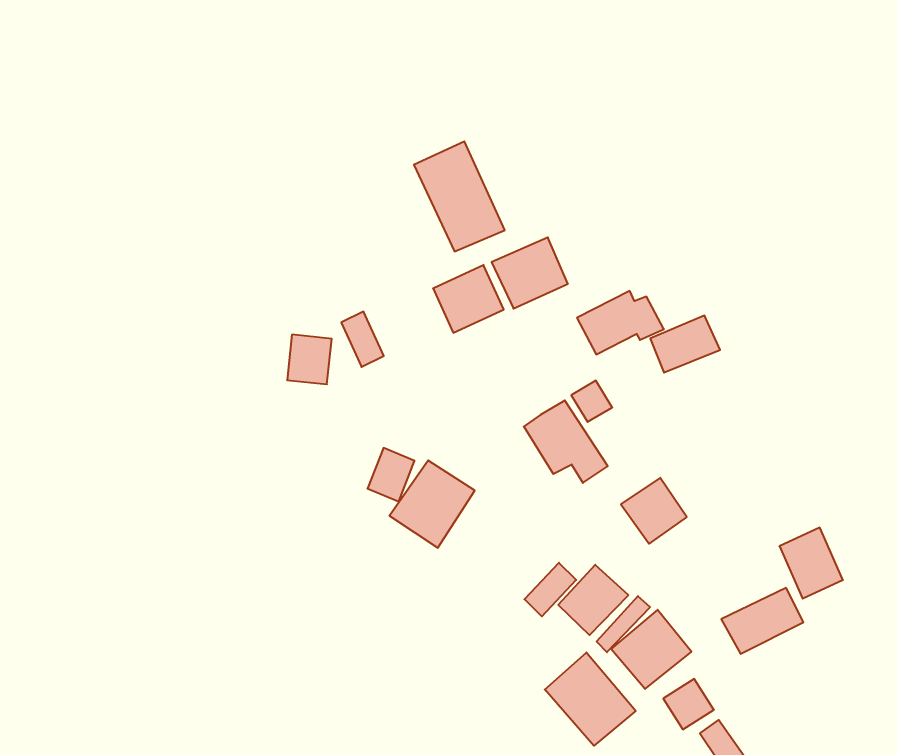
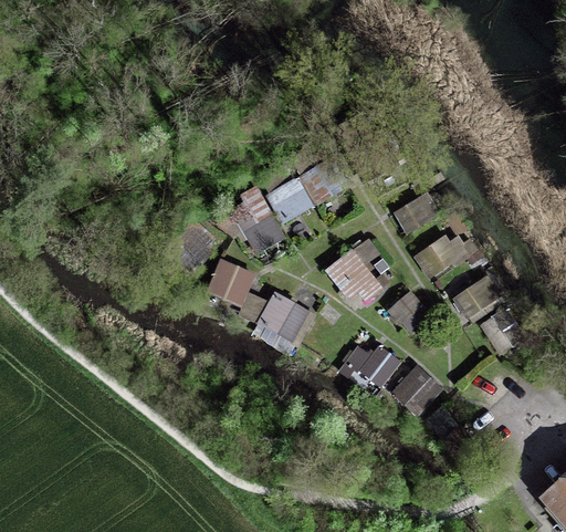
building: [414,141,505,251] -> [227,187,283,251]
building: [577,291,664,354] -> [416,237,467,275]
building: none -> [208,261,251,303]
building: [721,588,803,654] -> [452,275,500,316]
building: [545,652,636,746] -> none

